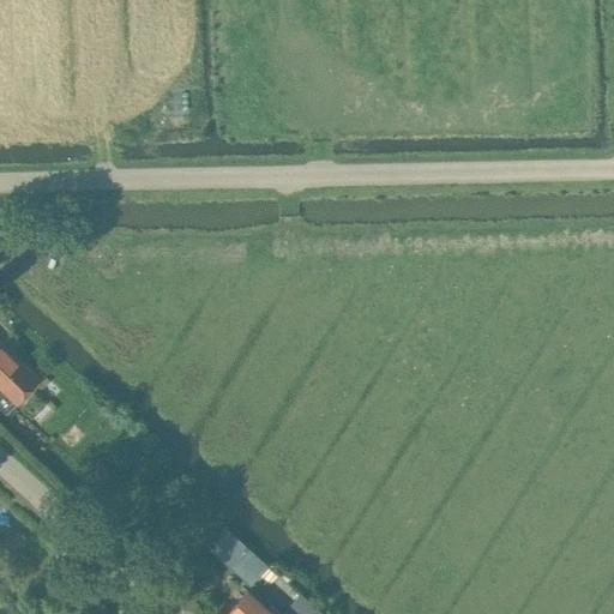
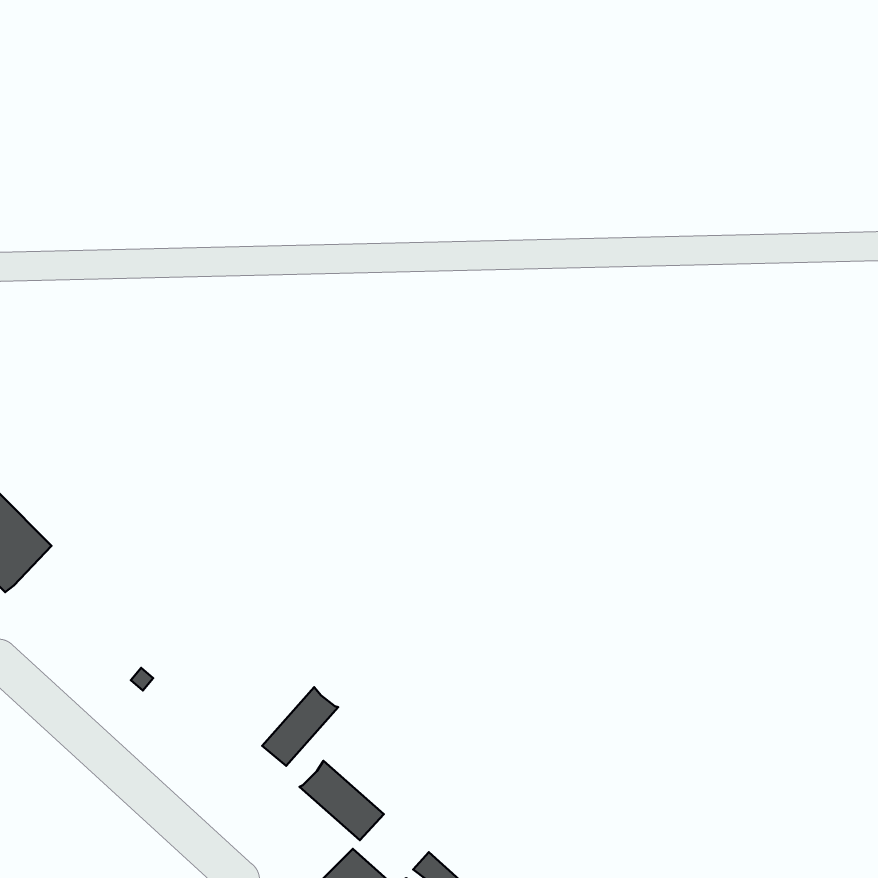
building: none -> [262,687,338,766]

